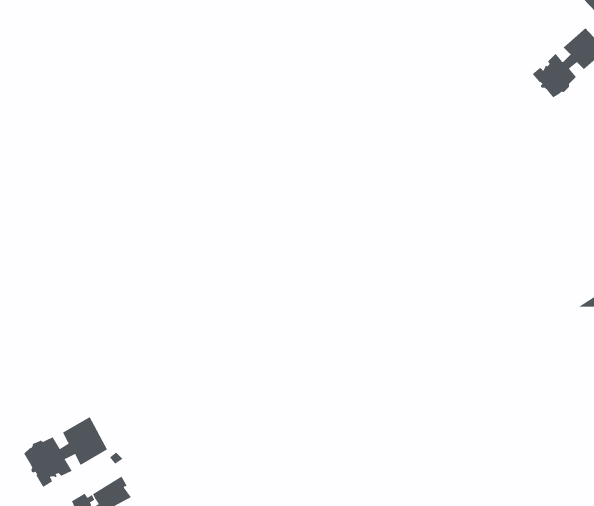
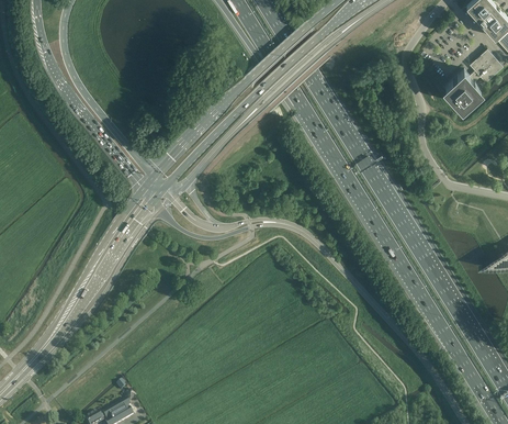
building: [23,416,108,488] -> none

